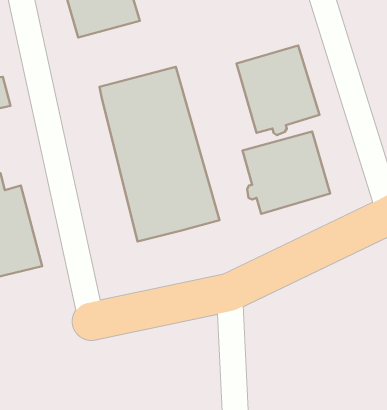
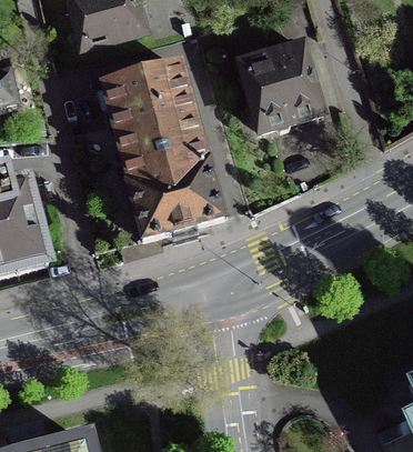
building: [243,131,330,214] -> none

